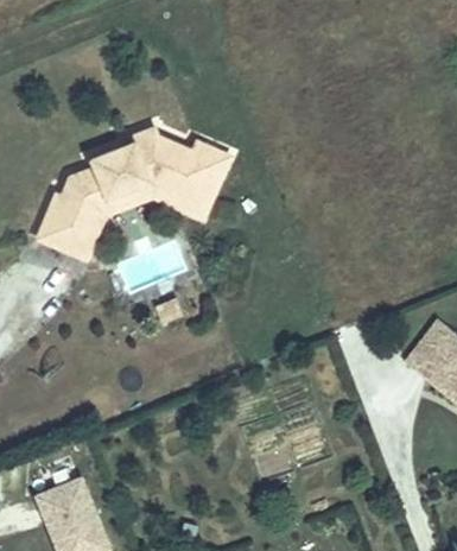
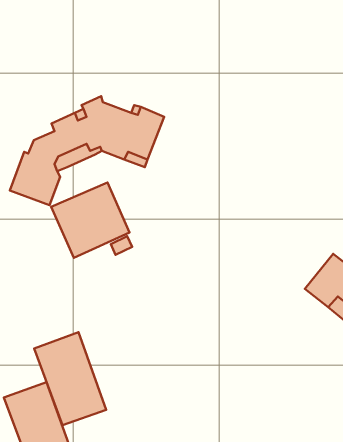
building: none -> [51,183,129,258]
building: none -> [34,332,106,425]

